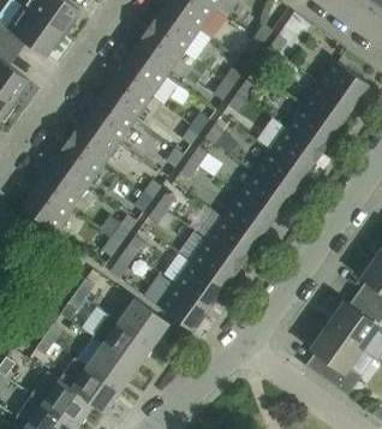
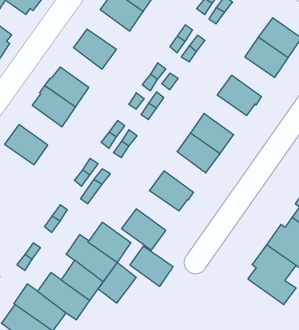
building: [117,50,167,97] -> none
building: [85,95,135,142] -> none
building: [286,106,336,153] -> none
building: [253,150,304,197] -> none
building: [37,162,88,209] -> none
building: [207,216,256,264] -> none
building: [174,262,225,309] -> [130,246,173,286]
building: none -> [98,262,136,303]

